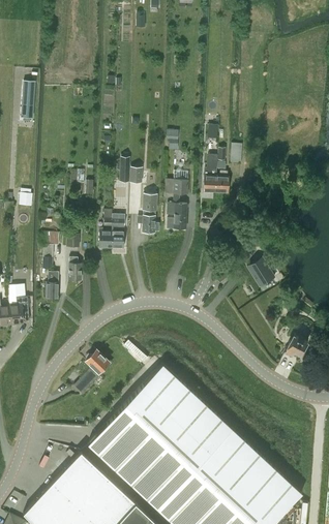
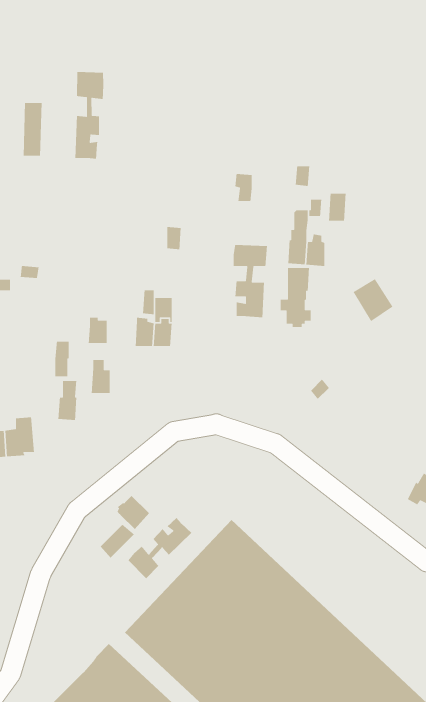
building: none -> [75,71,104,160]
building: [137,194,158,236] -> [280,267,311,328]
building: [246,257,274,287] -> [353,278,393,322]
building: none -> [127,517,192,579]

